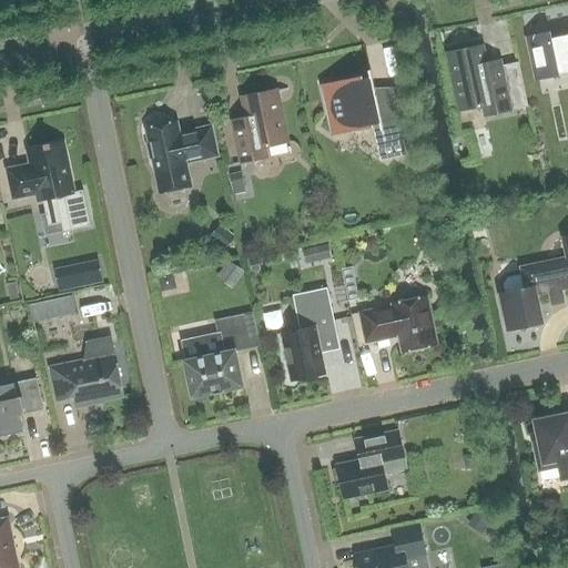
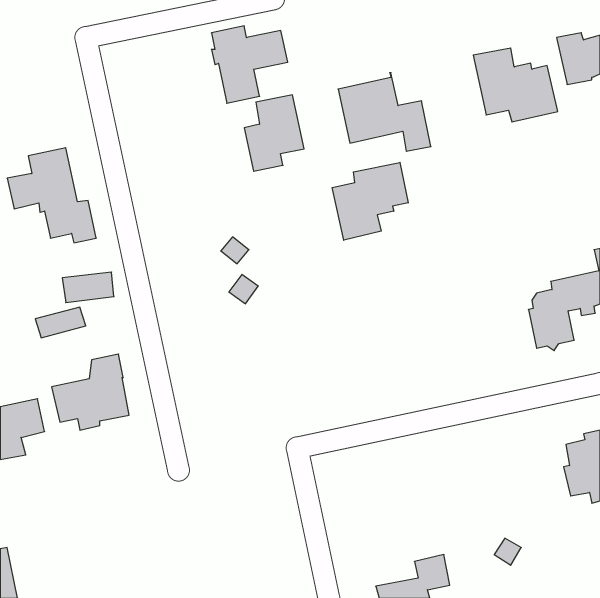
building: [145,121,217,194] -> [211,26,288,103]
building: none -> [332,162,408,240]
building: [281,287,337,381] -> none
building: [359,296,436,351] -> none
building: [182,313,258,400] -> none
building: [333,435,405,498] -> none

